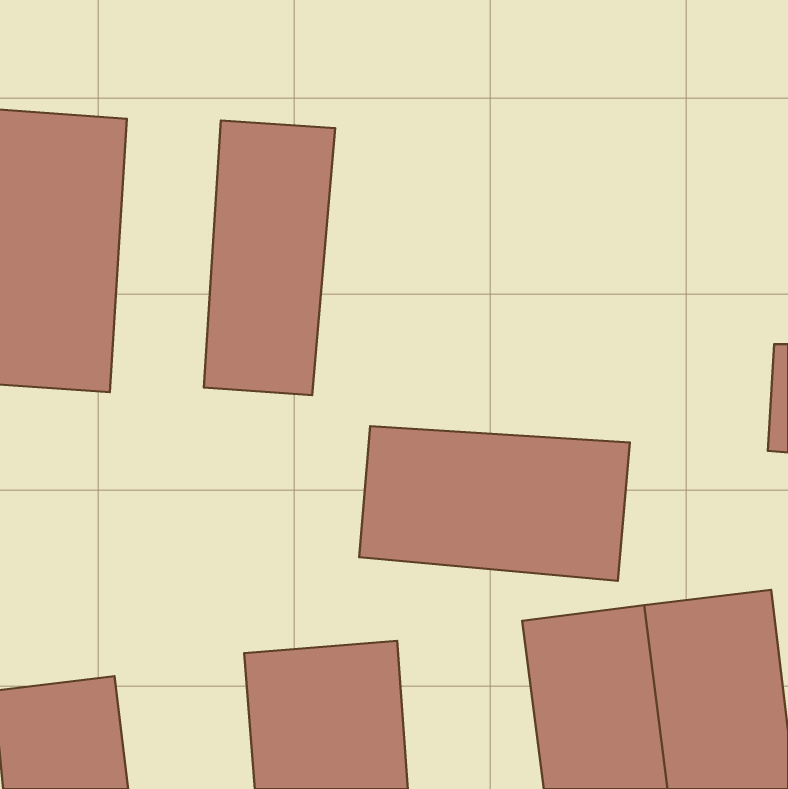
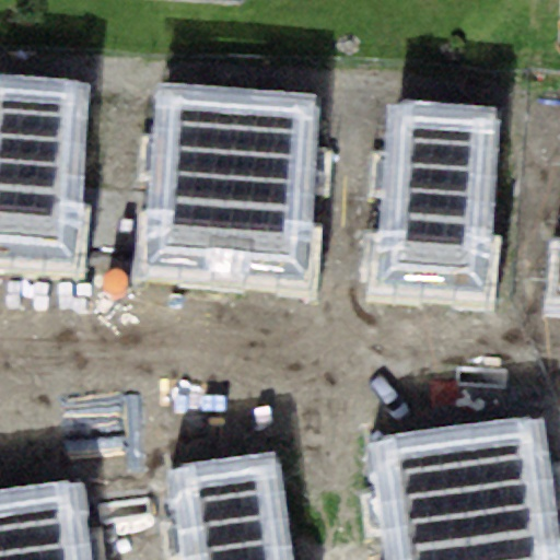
building: none -> [221,91,312,285]
building: none -> [374,100,497,299]
building: [359,426,630,581] -> none

